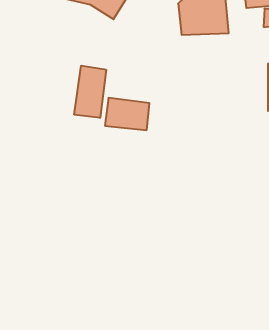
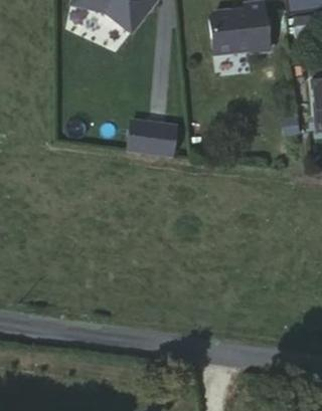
building: [74,66,106,118] -> none

